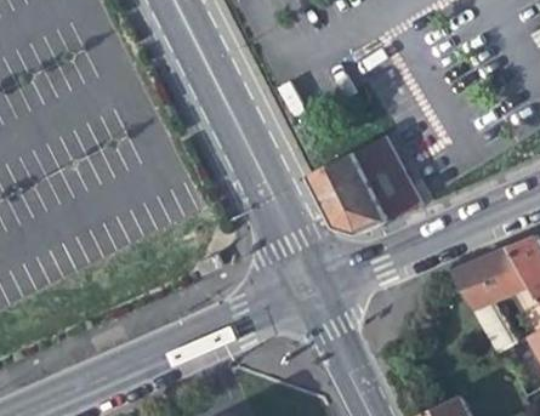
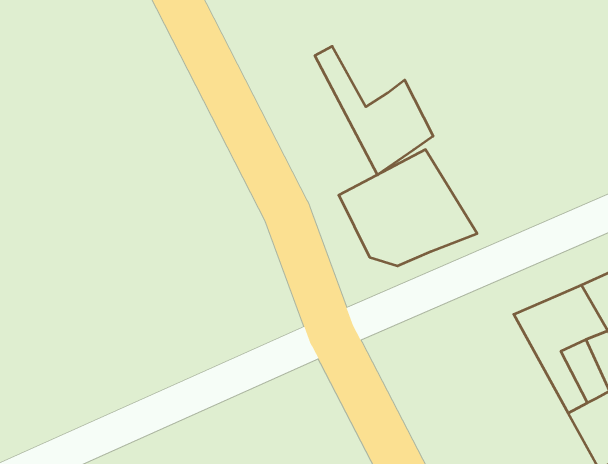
building: none -> [315,46,433,175]

